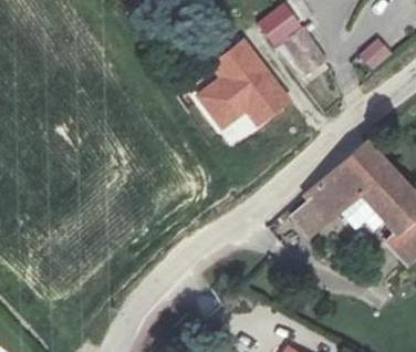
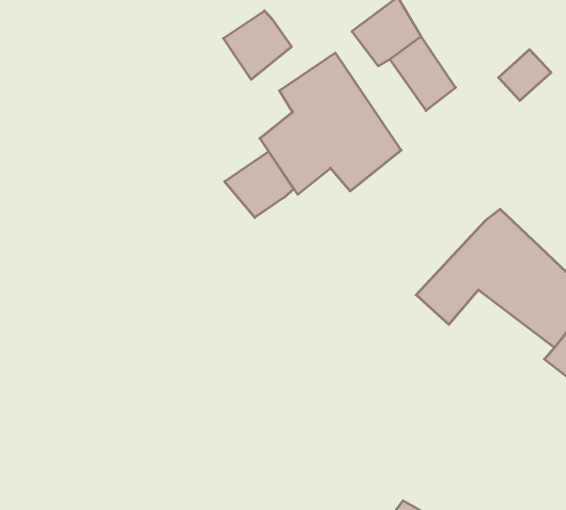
building: none -> [223,11,291,79]
building: none -> [225,152,294,218]

